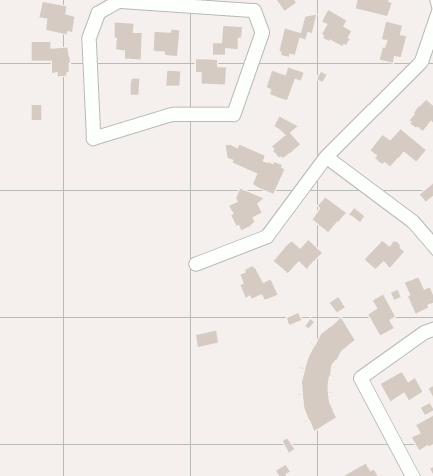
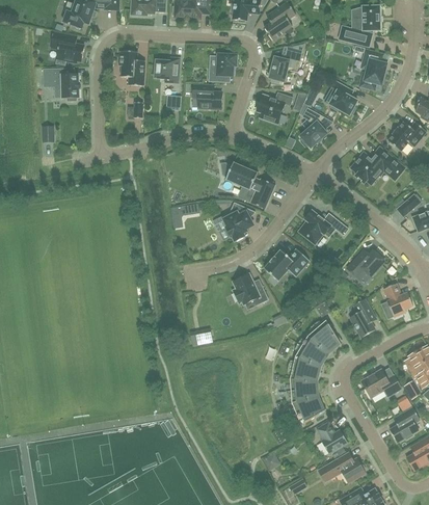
building: [321,9,352,47] -> [329,80,357,114]
building: [271,116,301,159] -> [300,107,327,147]
building: none -> [317,422,348,453]

